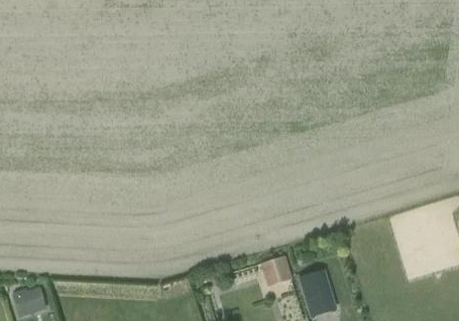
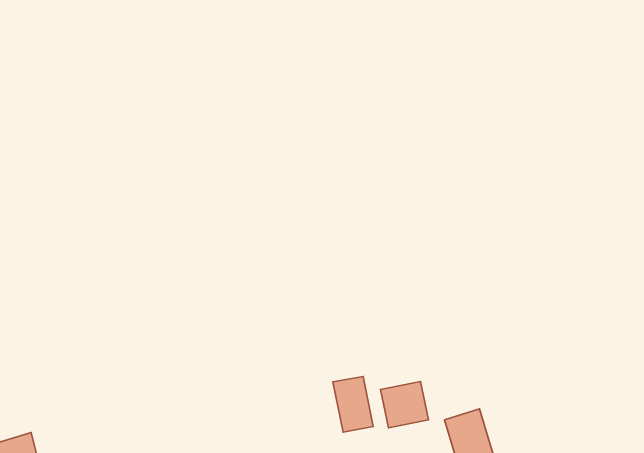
building: none -> [333,377,373,432]

